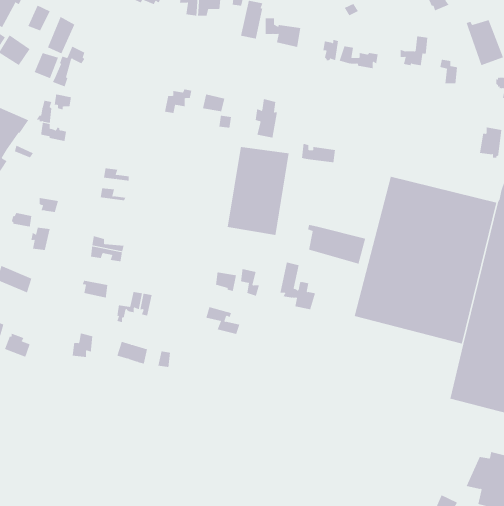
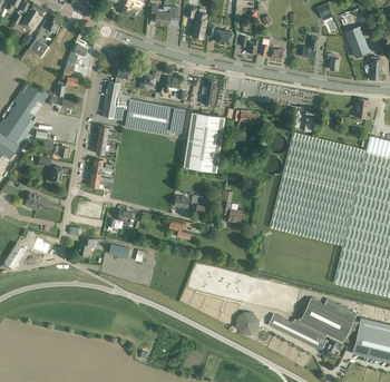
building: none -> [103,69,185,136]
building: [308,224,366,264] -> none
building: none -> [269,298,354,351]
building: none -> [237,314,260,334]

